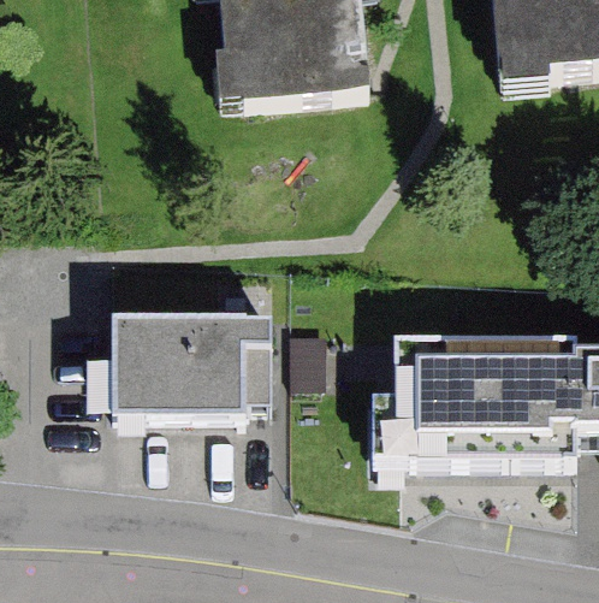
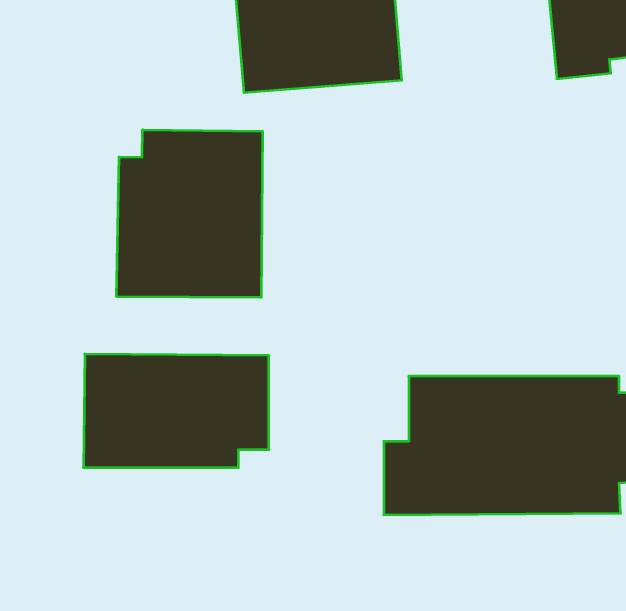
building: none -> [117,130,262,297]

